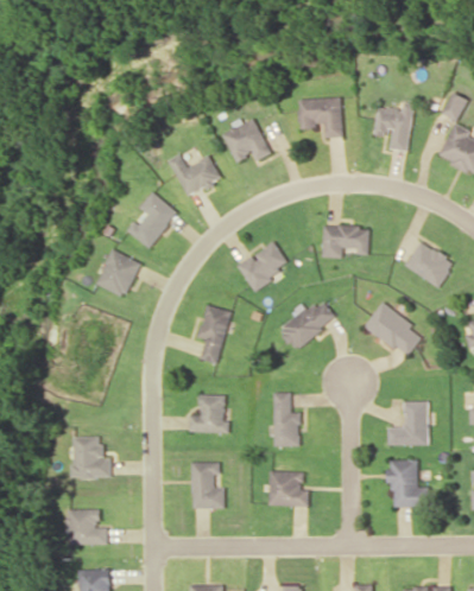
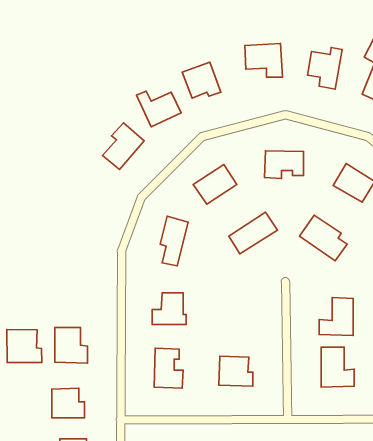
building: [95,249,140,298] -> none
building: [272,393,299,447] -> none
building: none -> [7,329,42,362]

